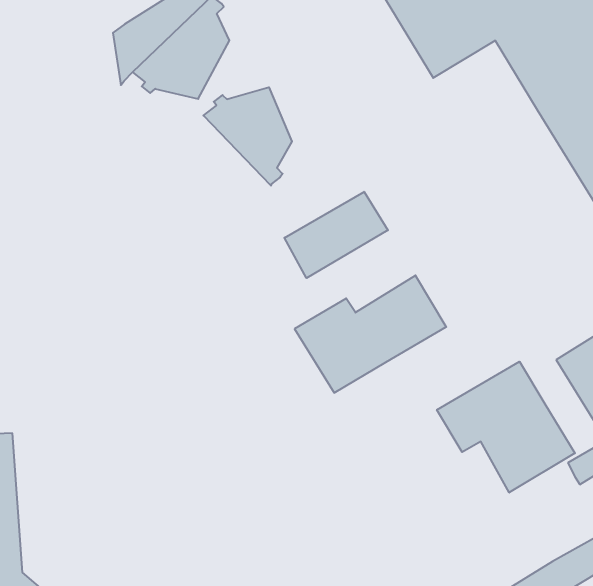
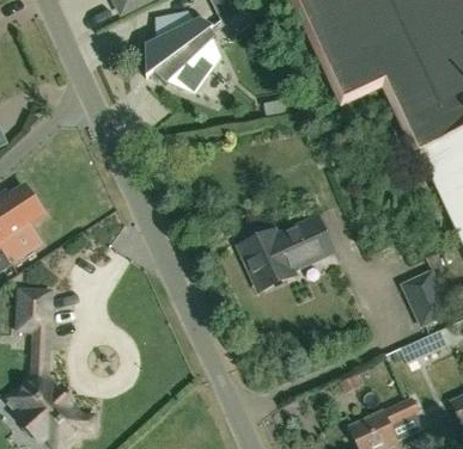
building: [203,87,292,186] -> none
building: [284,192,388,278] -> none
building: [437,362,575,493] -> none

